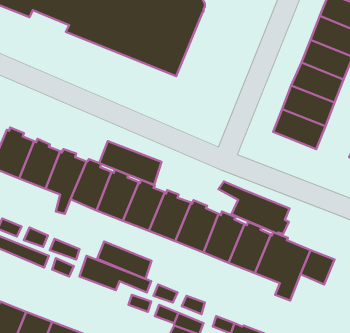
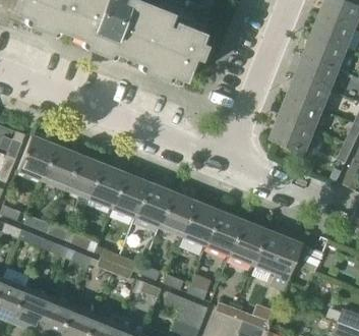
building: [99,141,162,185] -> none
building: [219,181,290,234] -> none
building: [97,242,152,279] -> none

